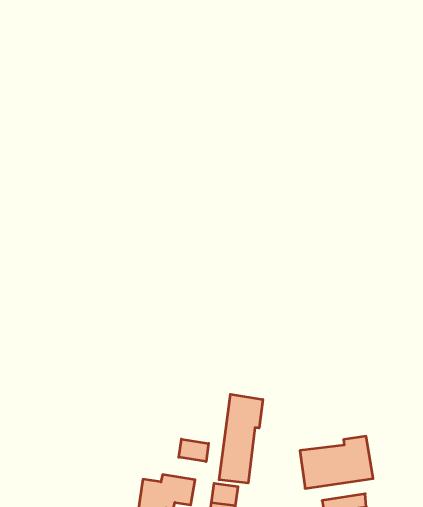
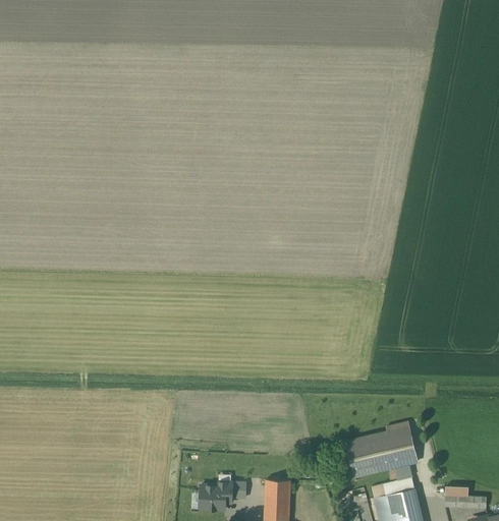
building: [219,394,263,483] -> none
building: [179,439,209,462] -> none

